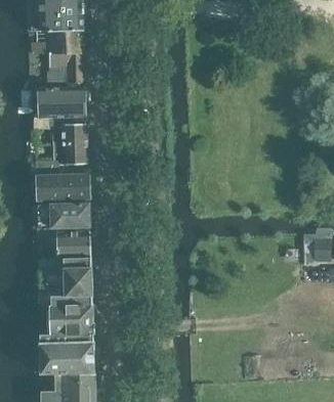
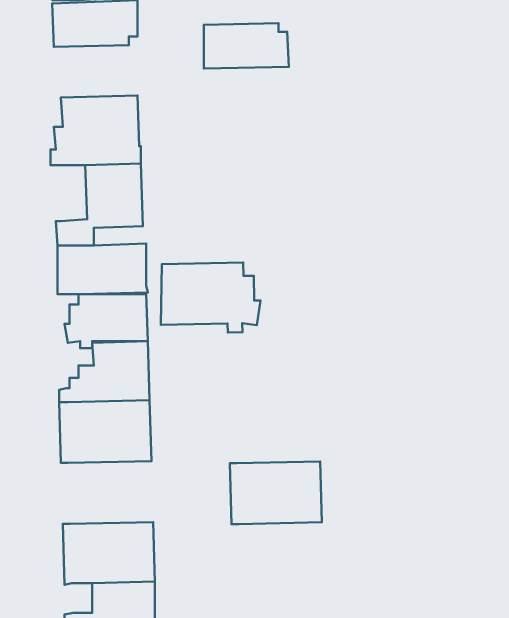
building: [35,57,85,84] -> [204,23,289,68]
building: none -> [161,263,261,332]
building: [39,302,93,339] -> [230,461,322,524]

